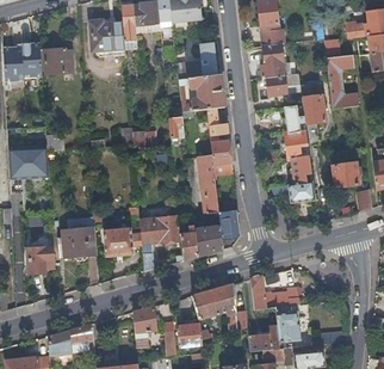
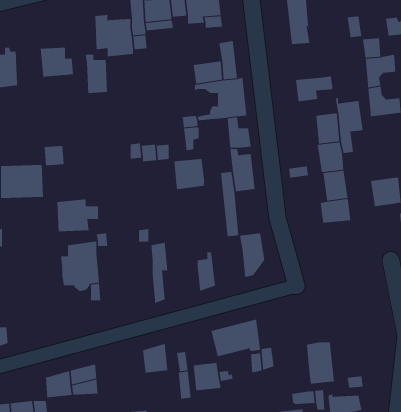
building: [260,42,290,76] -> none
building: [21,43,42,78] -> [85,54,108,94]
building: [153,215,180,242] -> [173,159,205,190]
building: [193,225,222,256] -> none
building: [104,227,141,256] -> [57,199,99,232]
building: [26,246,54,272] -> none
building: [249,276,299,309] -> none
building: [247,324,278,350] -> none

